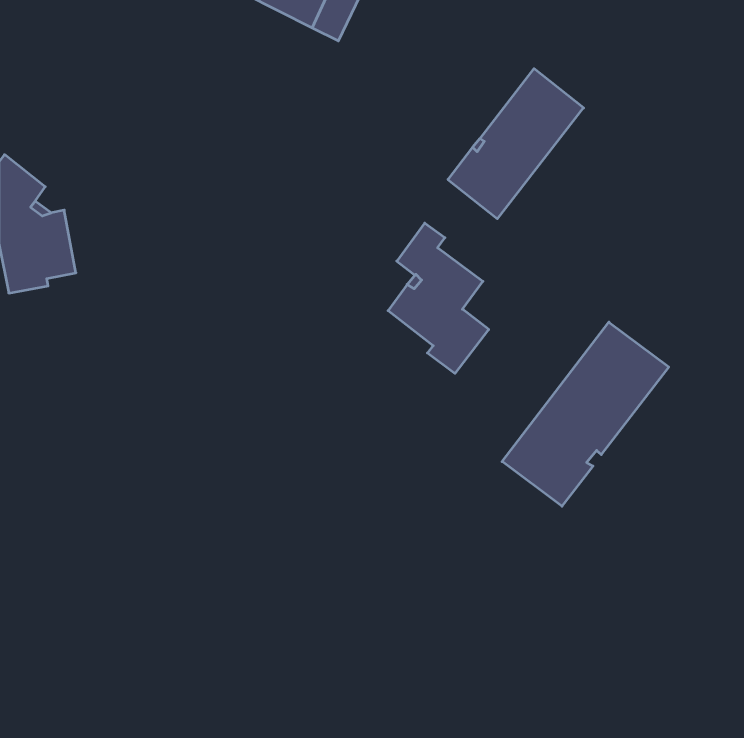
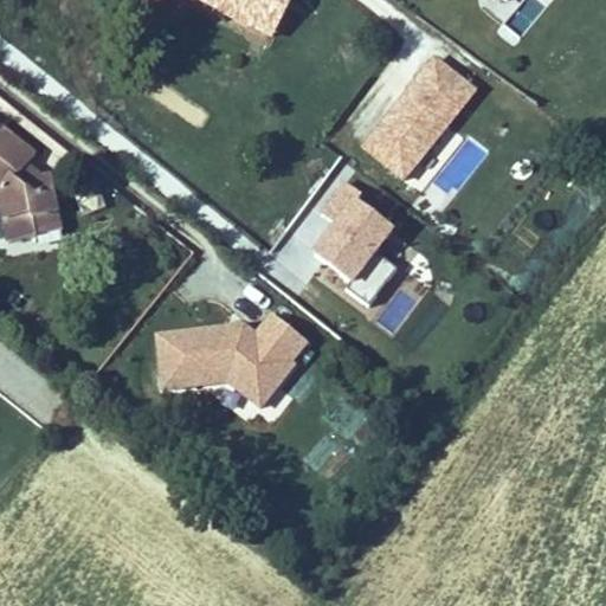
building: [502,322,669,506] -> none
building: none -> [160,314,305,402]

